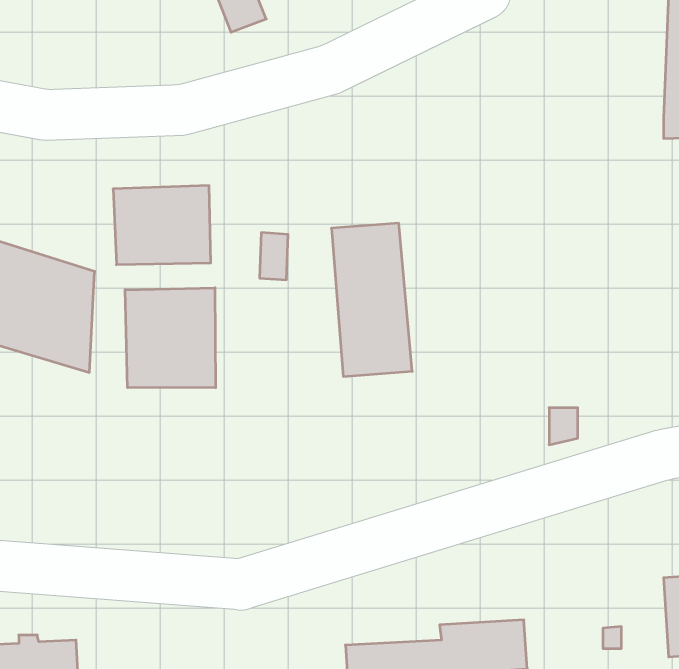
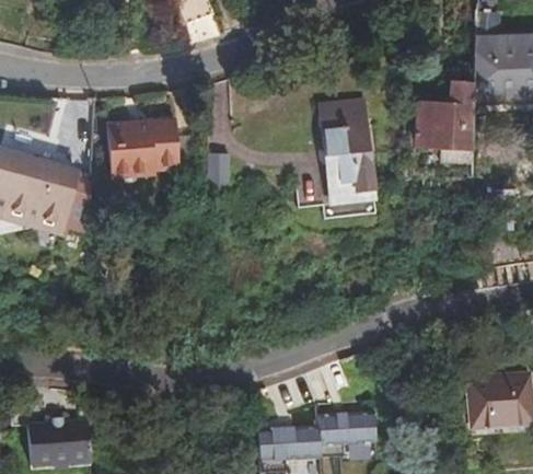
building: none -> [410,79,471,144]
building: [331,223,412,376] -> [320,101,372,200]
building: [125,288,216,388] -> none

